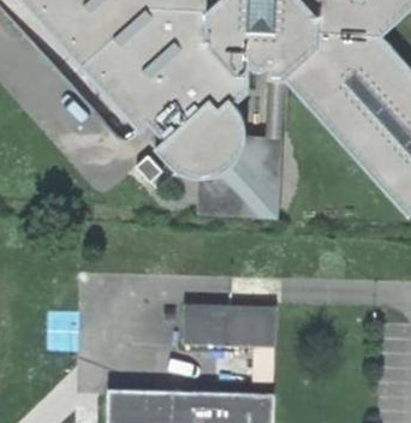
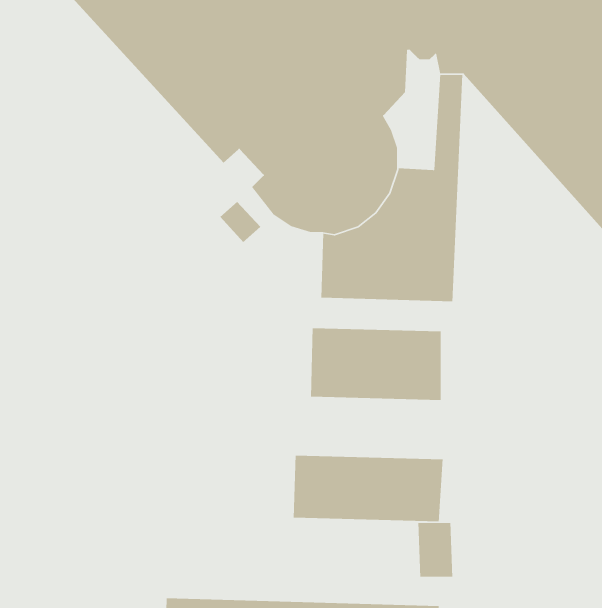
building: none -> [310,327,441,401]

